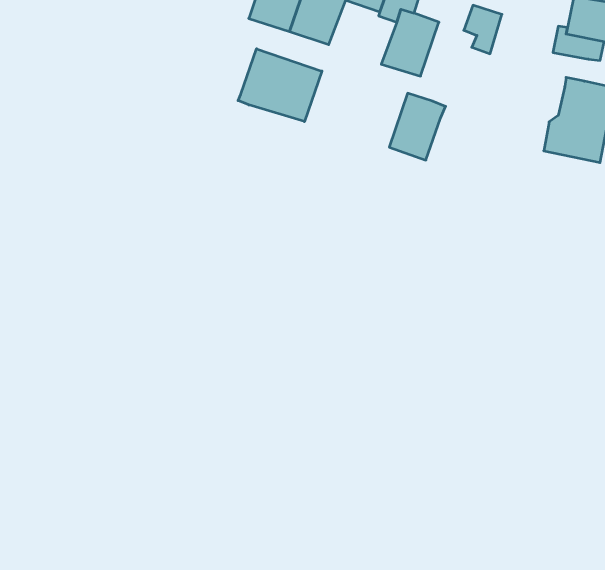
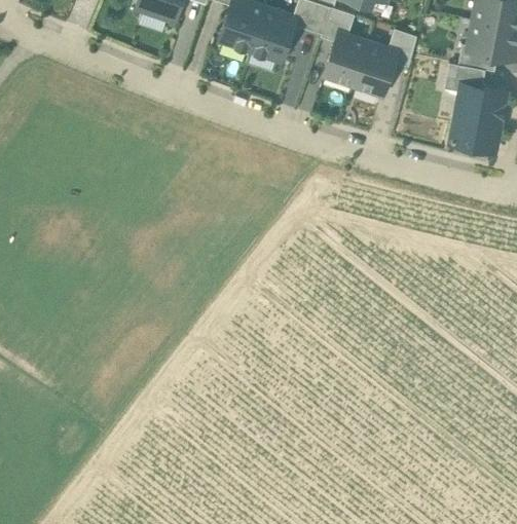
building: [238,49,322,122] -> none
building: none -> [444,64,485,92]
building: [389,93,446,160] -> [354,42,398,95]

